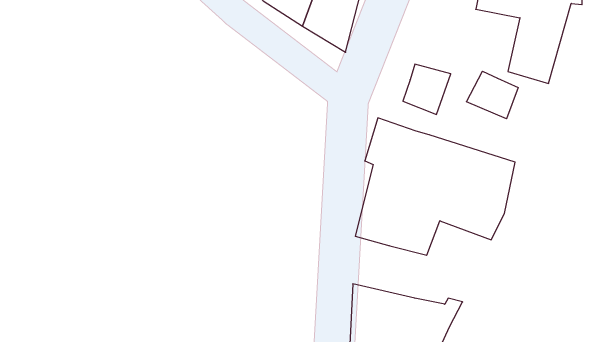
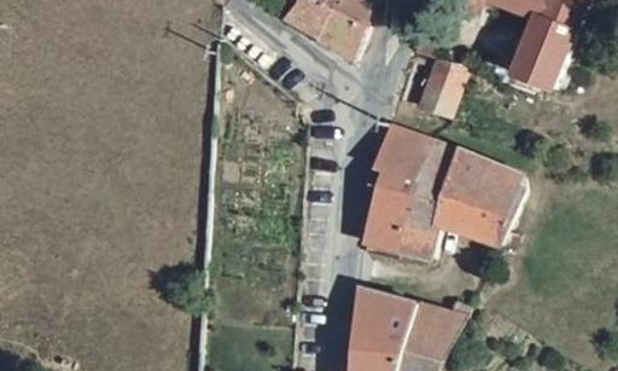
building: [466,71,518,119] -> none

